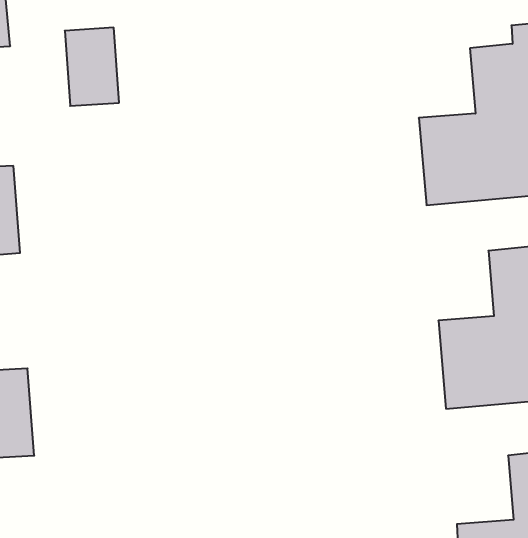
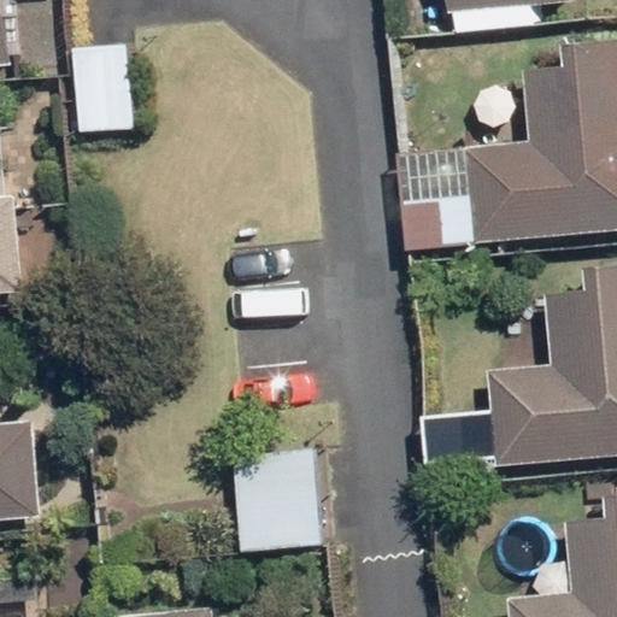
building: none -> [234,449,327,553]

